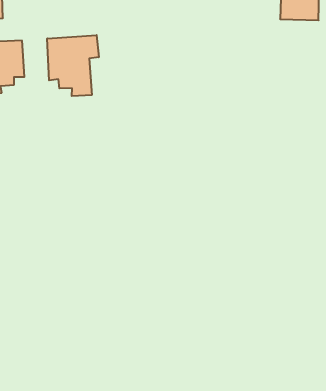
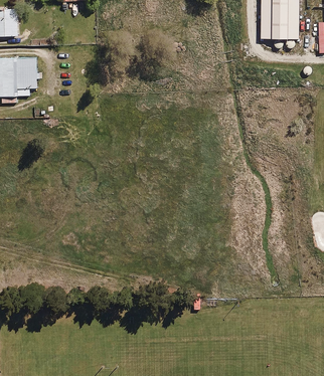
building: [47,35,99,96] -> none

